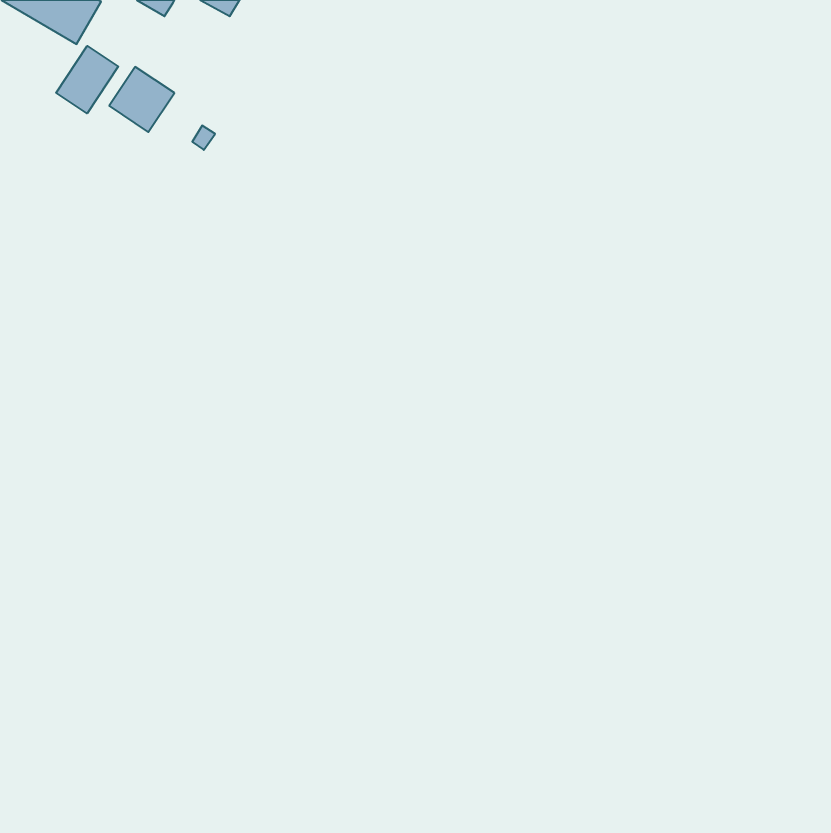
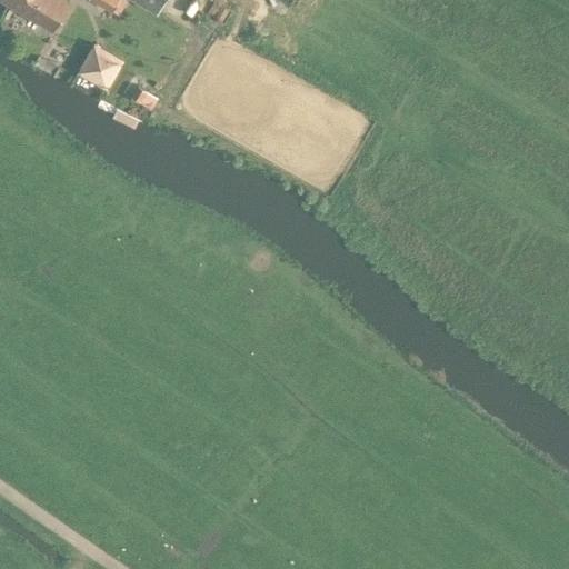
building: [56,46,118,113] -> none

